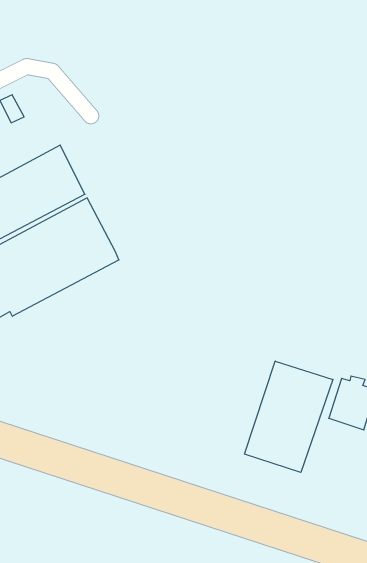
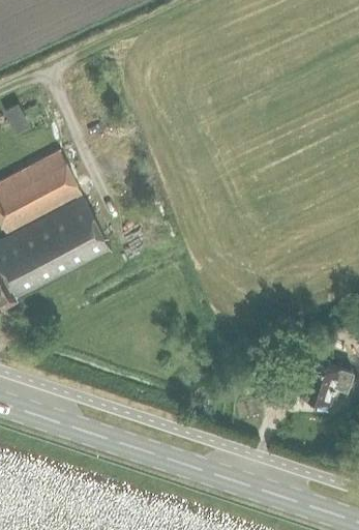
building: [244,361,333,472] -> none

